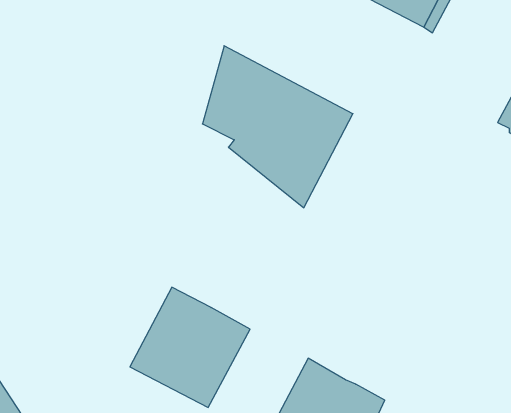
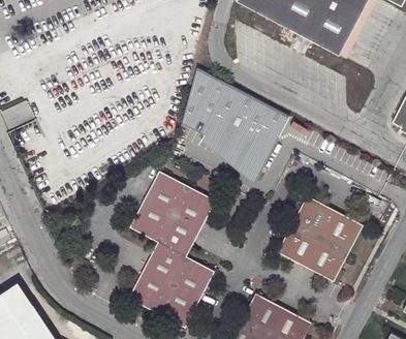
building: none -> [129,170,214,255]
building: none -> [277,195,362,280]

